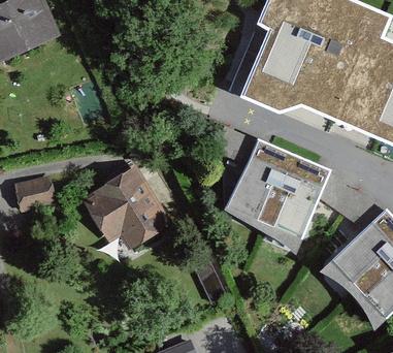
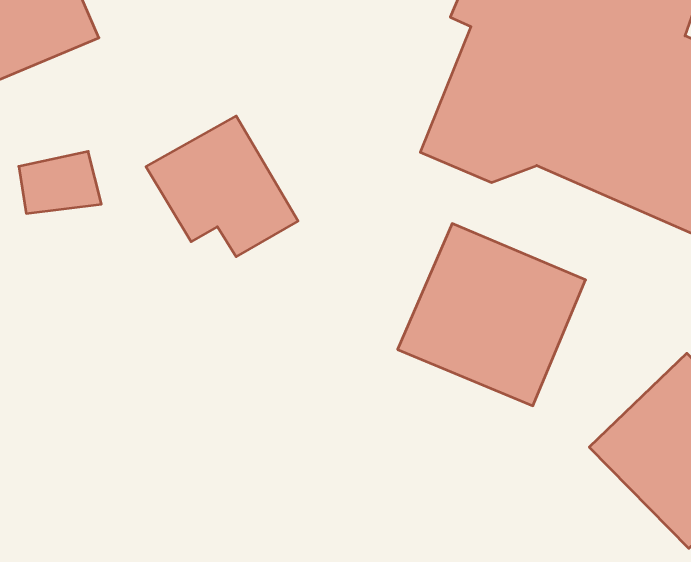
building: [84,168,167,246] -> [146,116,298,257]
building: [14,173,60,207] -> [19,151,101,213]

